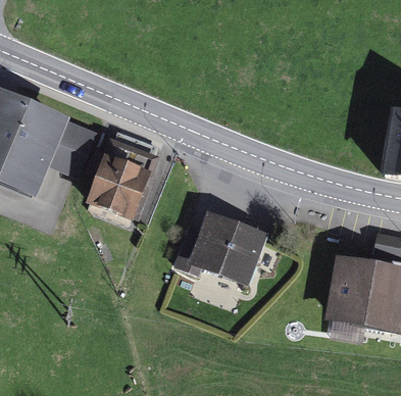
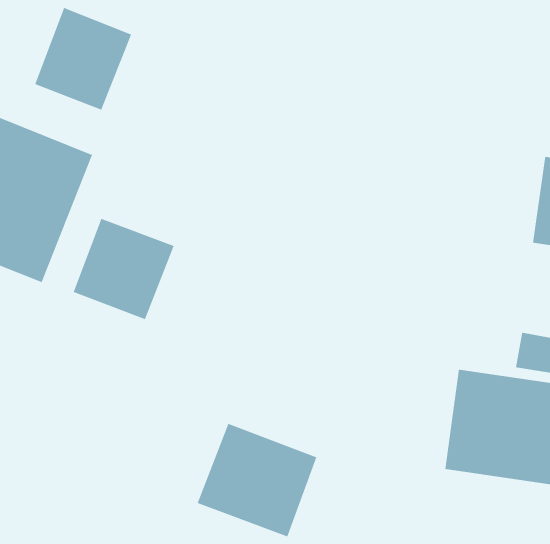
building: none -> [35,7,132,110]
building: [188,211,267,287] -> [197,423,317,537]

